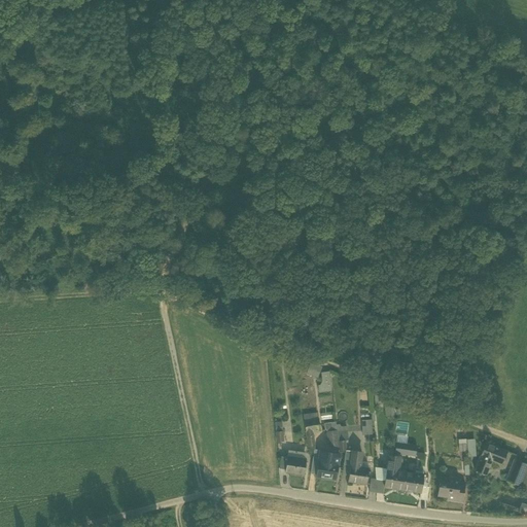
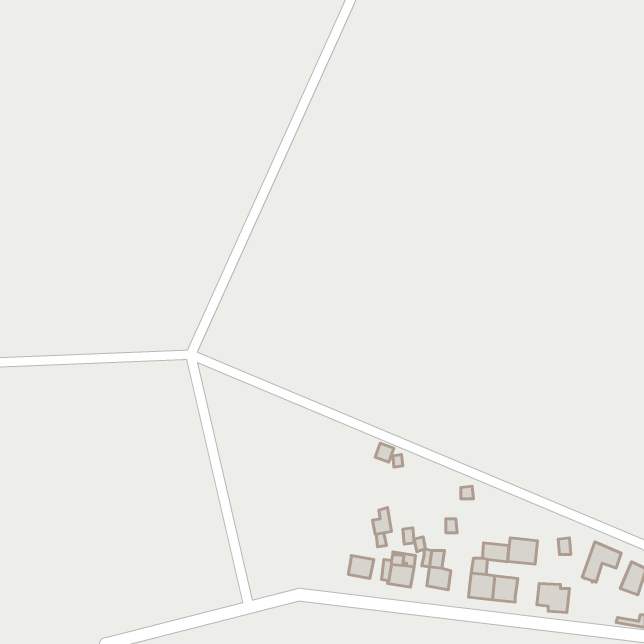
building: none -> [508,538,538,564]

